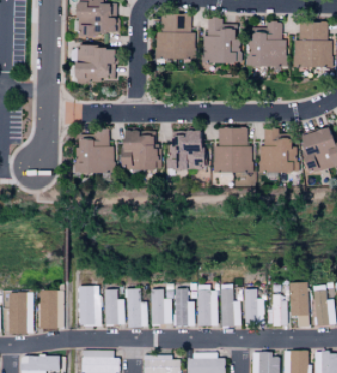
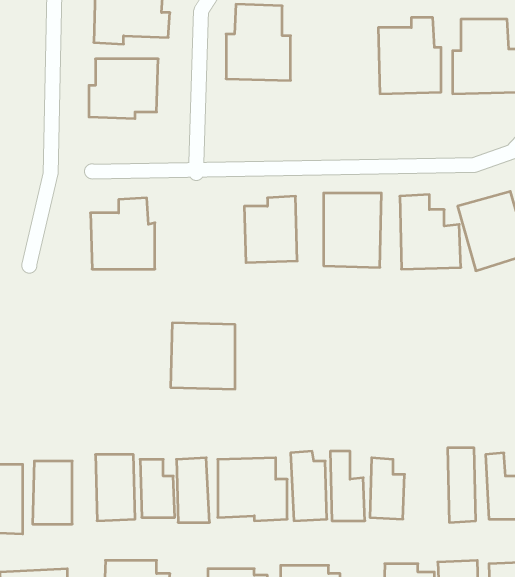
building: [204,17,241,63] -> none
building: [120,130,159,170] -> [171,323,235,389]
building: [268,294,286,325] -> none

